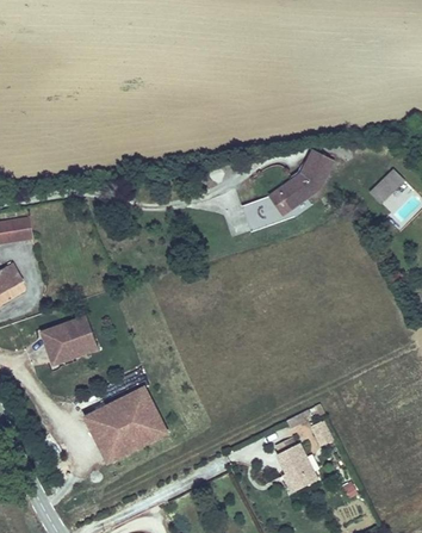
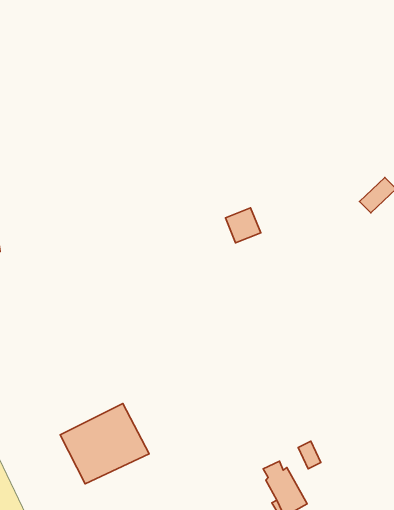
building: [274,154,329,212] -> none
building: [38,314,100,366] -> none

